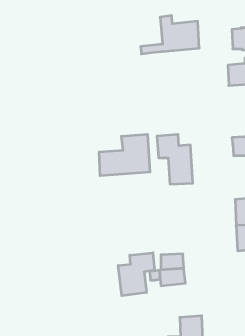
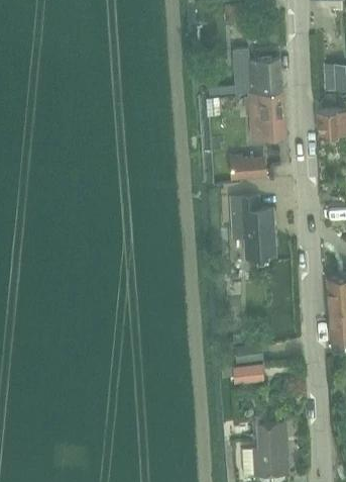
building: none -> [247,90,287,137]
building: none -> [234,158,259,180]
building: [99,134,150,176] -> none
building: [118,253,155,296] -> none

